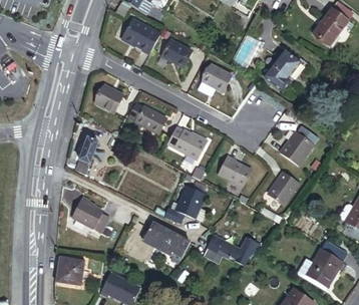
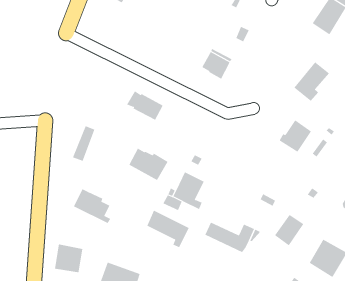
building: [124,18,161,54] -> none
building: [163,38,194,66] -> none
building: [266,50,302,90] -> [294,61,330,102]
building: [95,84,121,112] -> none
building: [166,126,207,160] -> [128,148,168,181]
building: [216,156,250,188] -> none
building: [268,174,298,206] -> [274,214,304,246]

